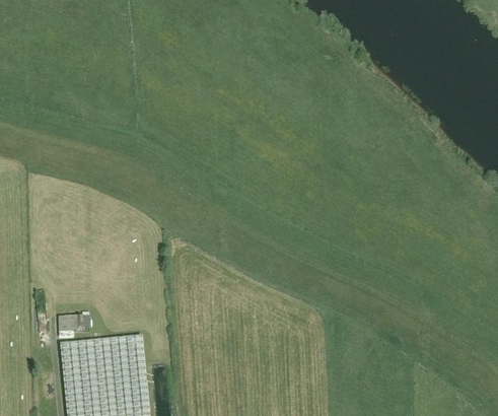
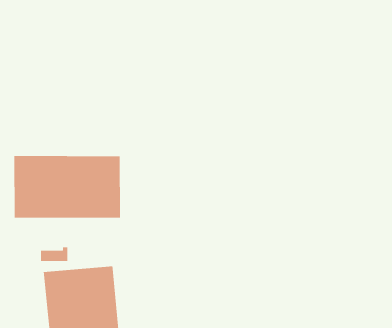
building: none -> [13,155,121,218]

